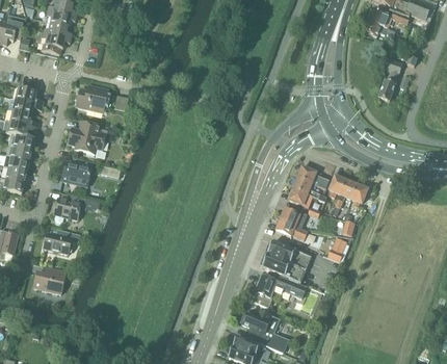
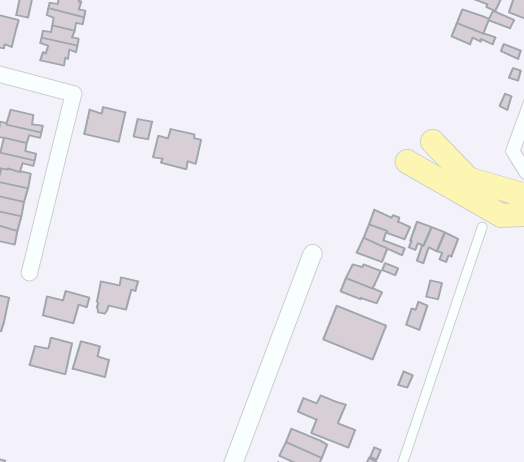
building: [378,58,402,101] -> none
building: [69,122,106,153] -> [153,129,201,169]
building: [61,157,93,185] -> none
building: [54,194,86,223] -> [97,278,138,314]
building: none -> [73,341,109,377]
building: [253,276,306,307] -> none

